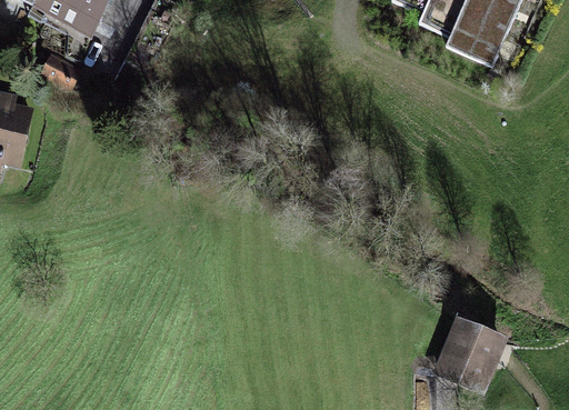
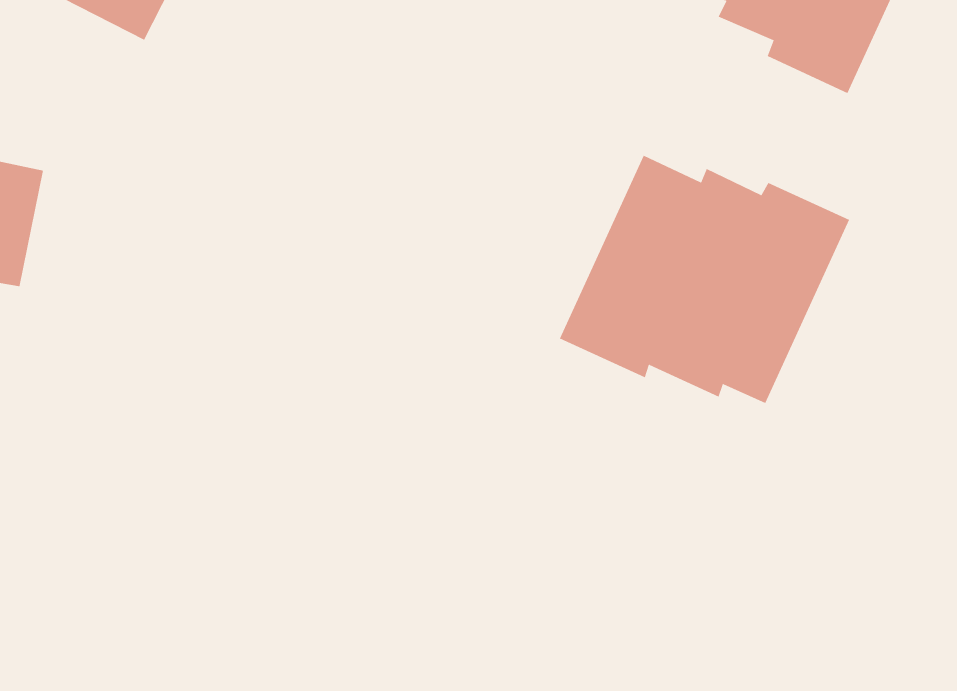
building: none -> [559,155,850,404]
building: [436,317,509,392] -> none

